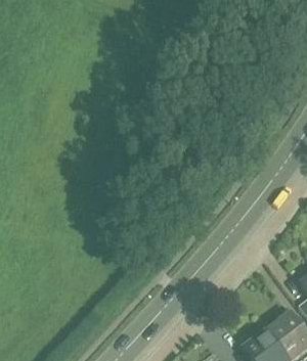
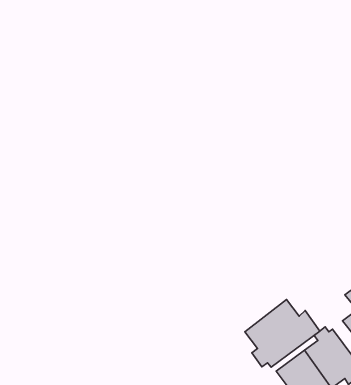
building: none -> [245,299,320,367]

